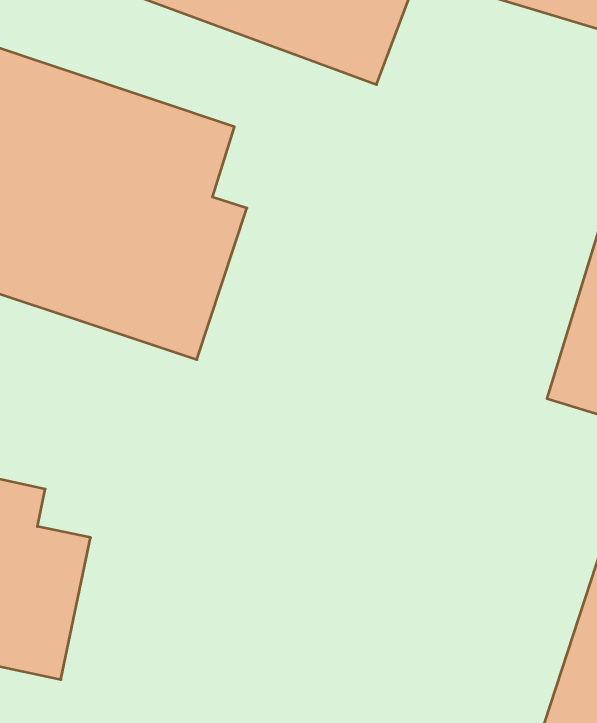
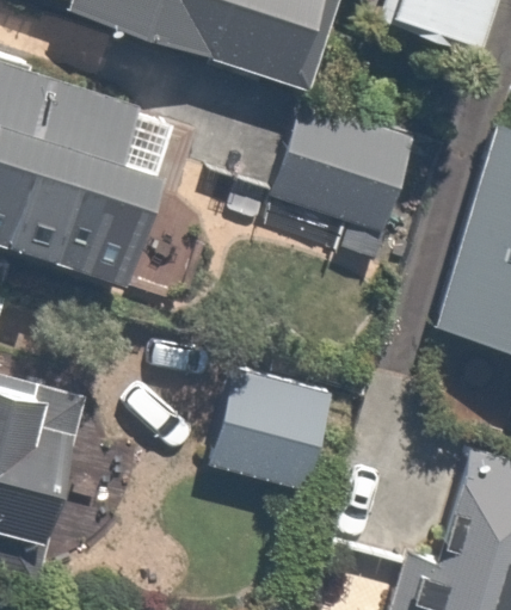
building: none -> [270,104,411,260]
building: none -> [213,357,349,491]

